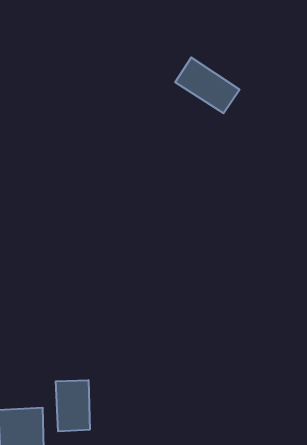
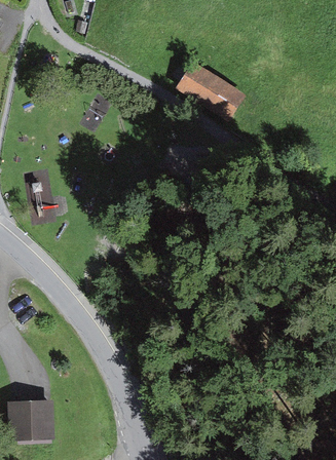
building: [56,380,90,431] -> none

